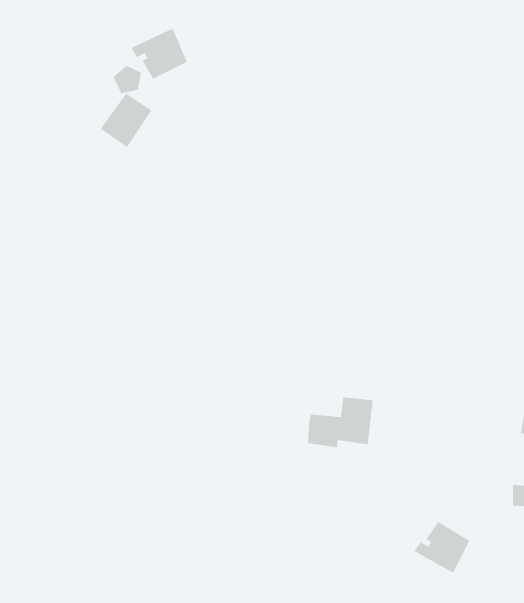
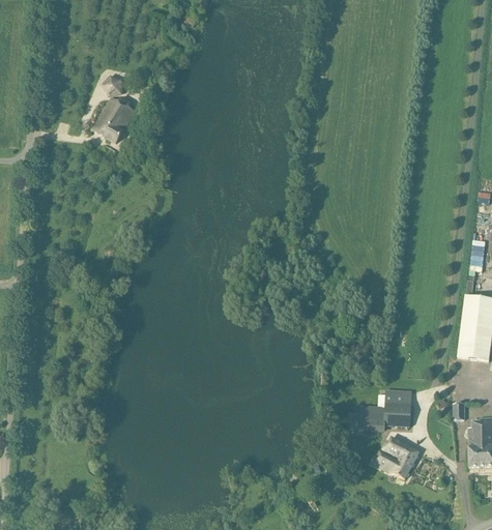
building: [131,28,188,80] -> none
building: [307,397,373,448] -> [359,388,412,431]

